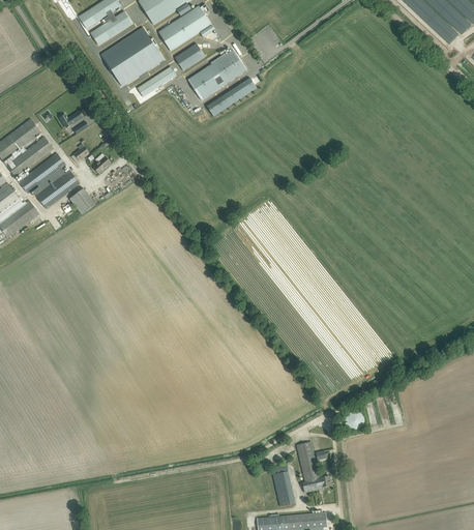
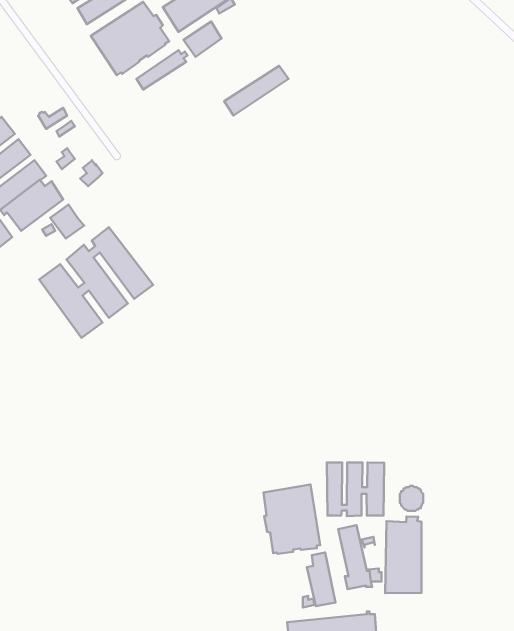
building: [187,50,245,99] -> none
building: none -> [39,227,153,338]
building: none -> [327,463,384,516]
building: none -> [263,485,320,554]
building: none -> [385,517,422,593]

